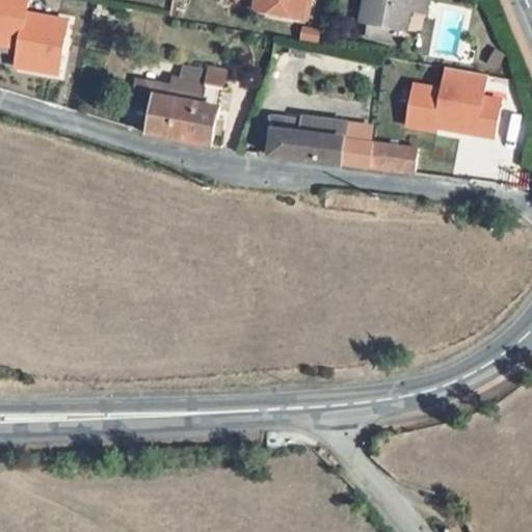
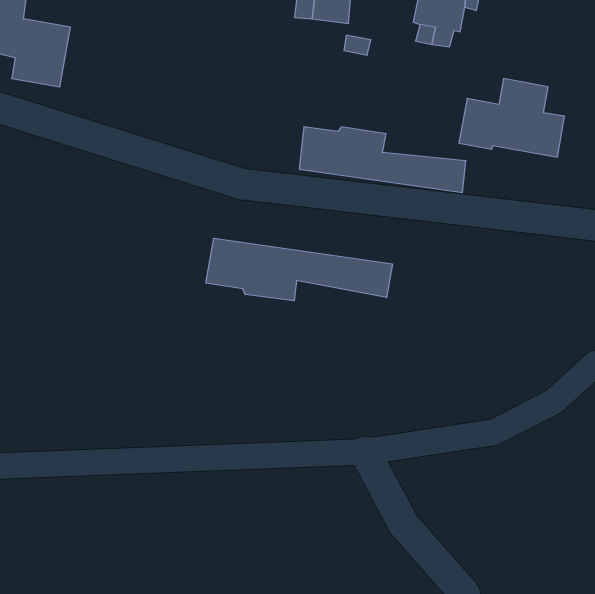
building: [130,60,221,139] -> none
building: none -> [206,238,392,301]

